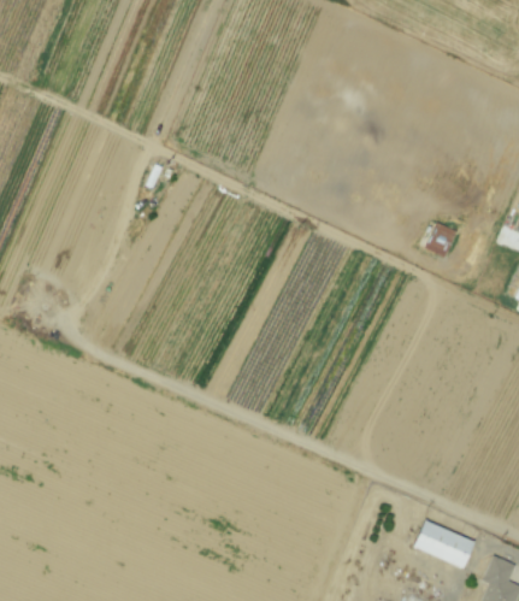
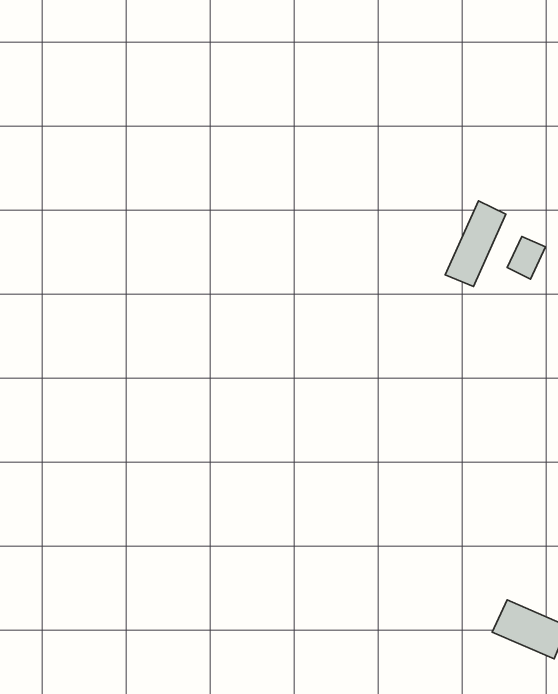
building: none -> [445,201,506,287]

